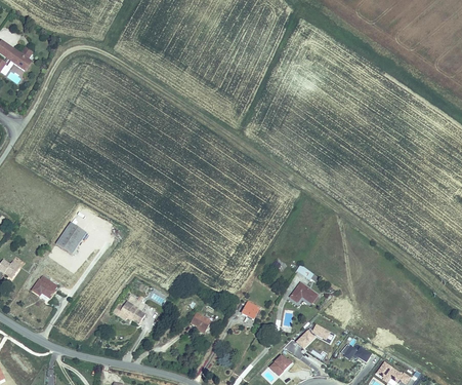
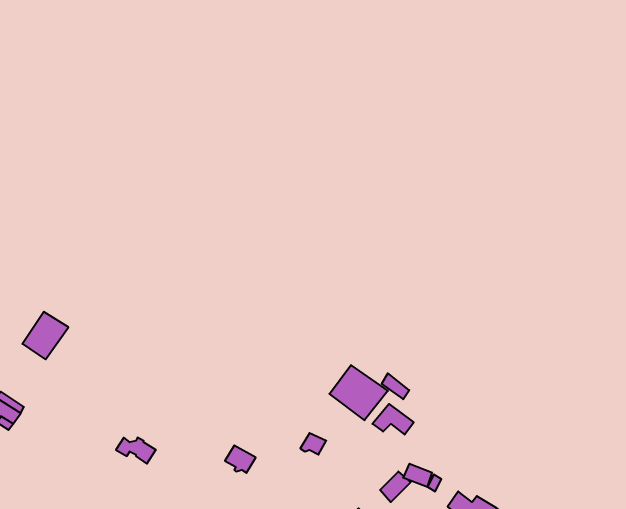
building: none -> [329,365,388,420]

